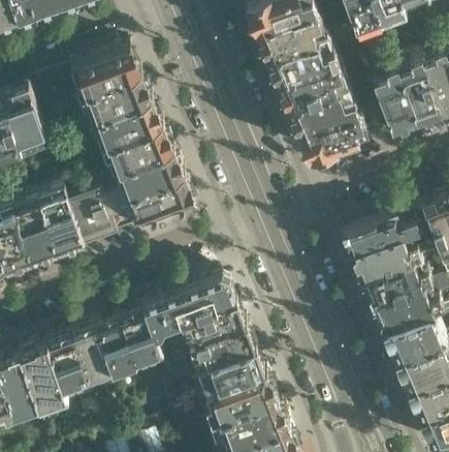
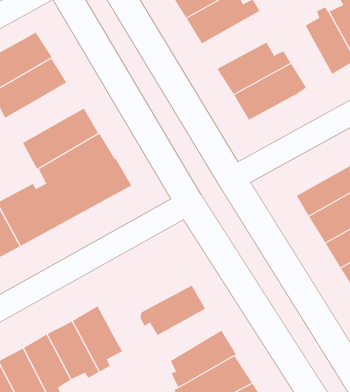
building: [279,64,343,111] -> none
building: [89,101,162,151] -> none
building: [147,281,236,339] -> none
building: [191,327,256,370] -> none

